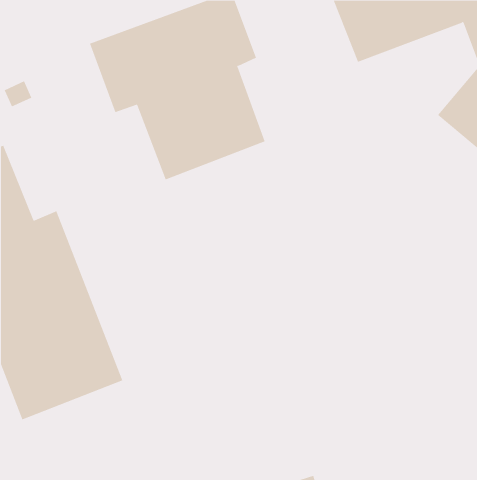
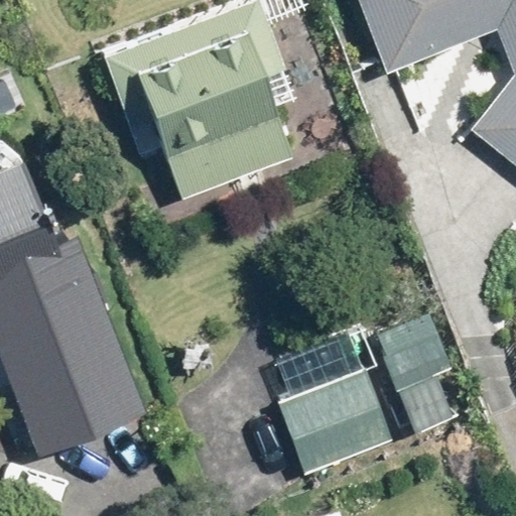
building: none -> [375,309,454,432]
building: none -> [278,366,395,473]

